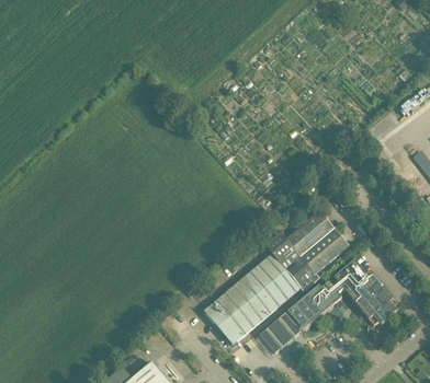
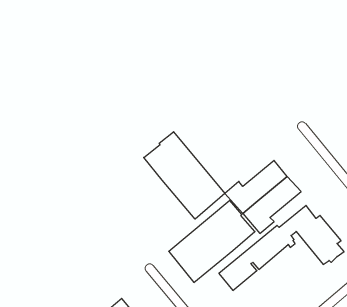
building: none -> [144,132,225,219]

